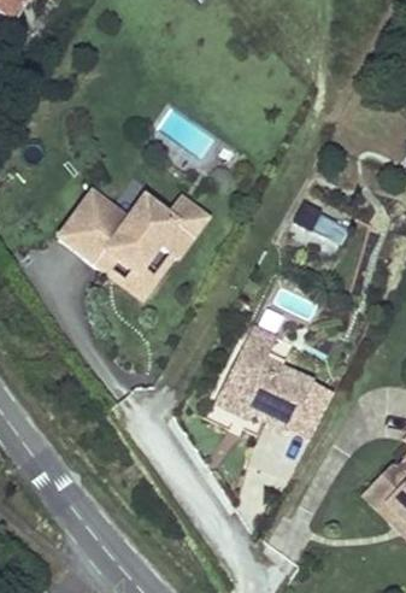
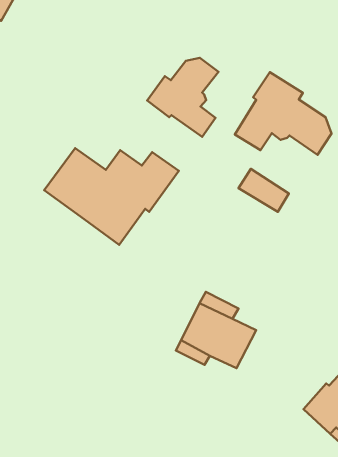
building: none -> [147,58,219,137]
building: none -> [235,72,331,155]

